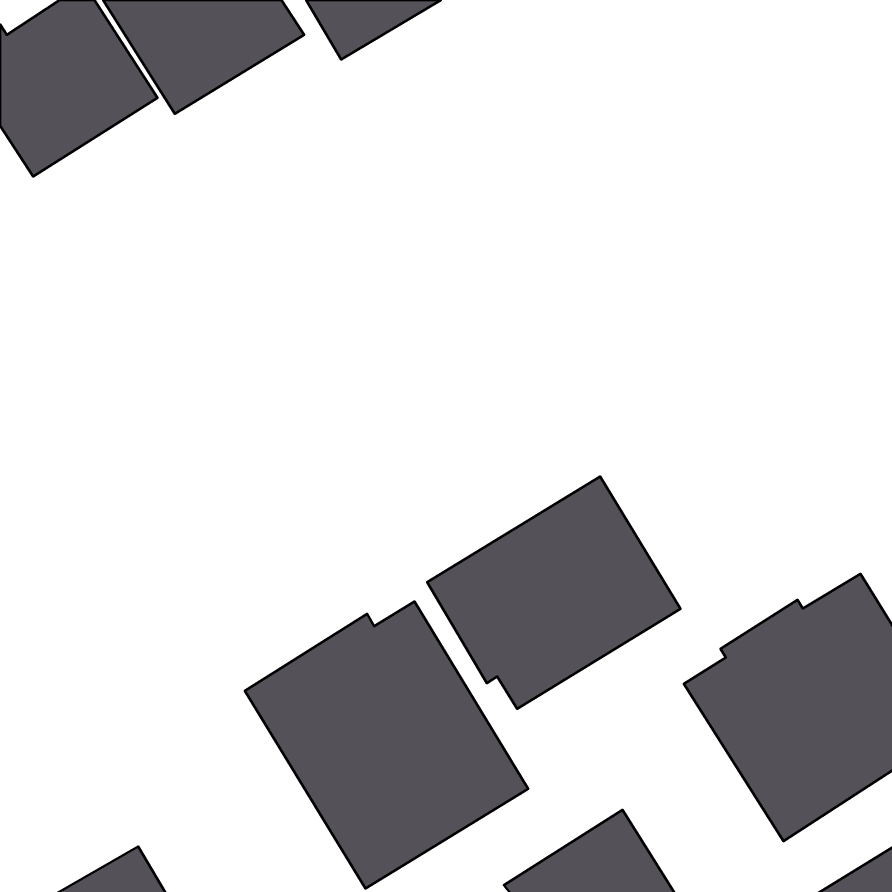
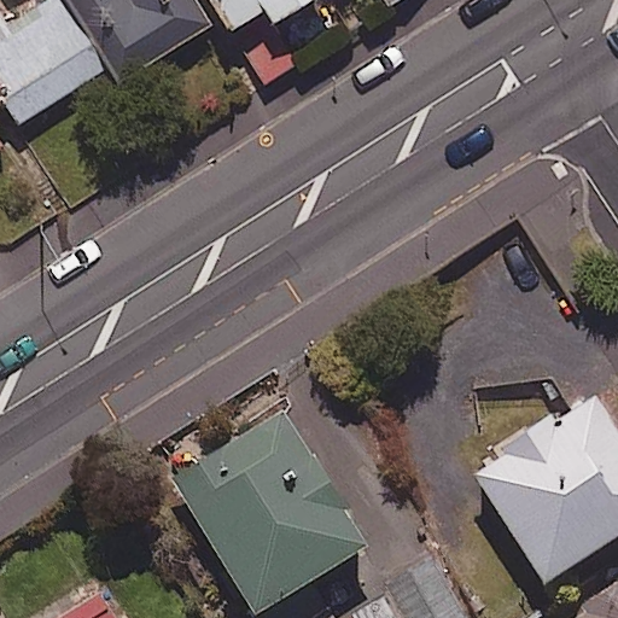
building: [427,476,681,709] -> none

